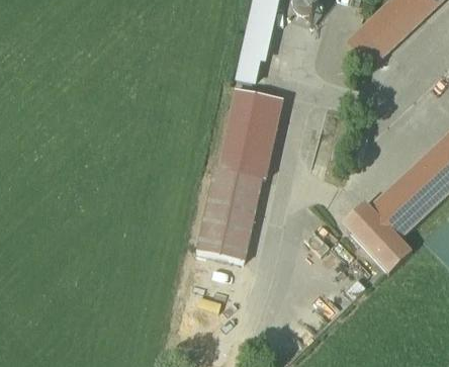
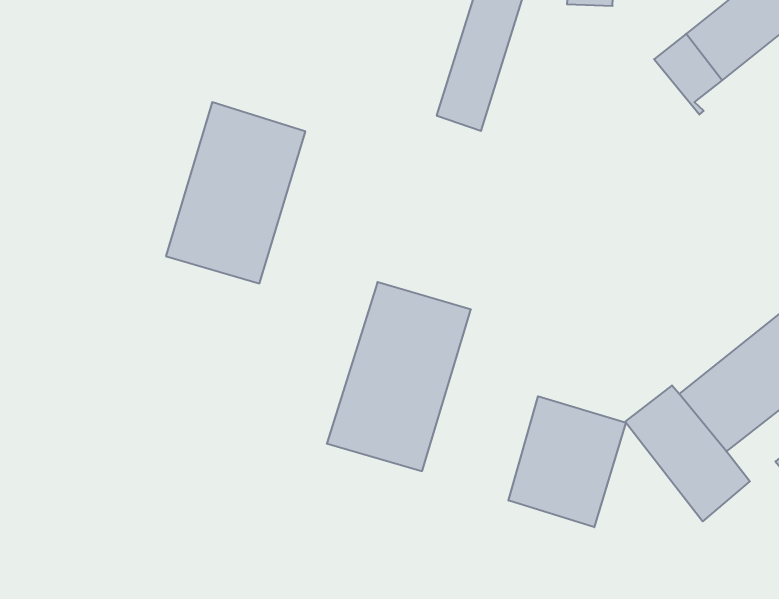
building: [214,85,280,175] -> [166,102,305,283]
building: none -> [508,396,626,527]

